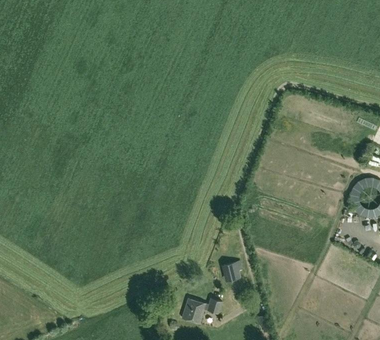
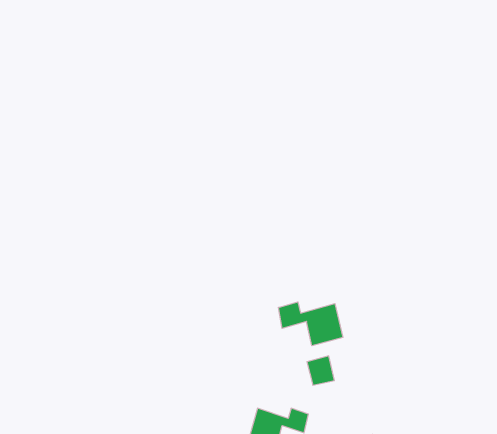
building: none -> [278,302,343,346]

